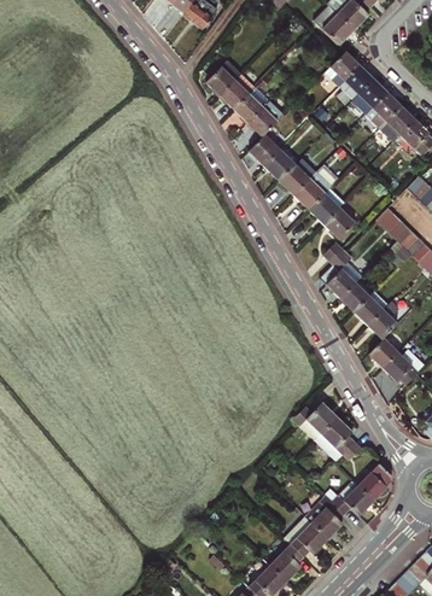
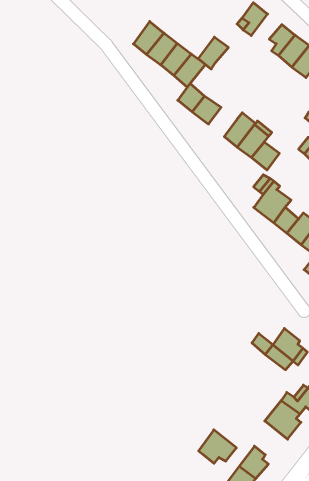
building: [338,66,373,101] -> [198,37,228,69]
building: [280,160,314,197] -> none
building: [293,403,339,433] -> none
building: [287,516,329,554] -> [199,430,236,463]

